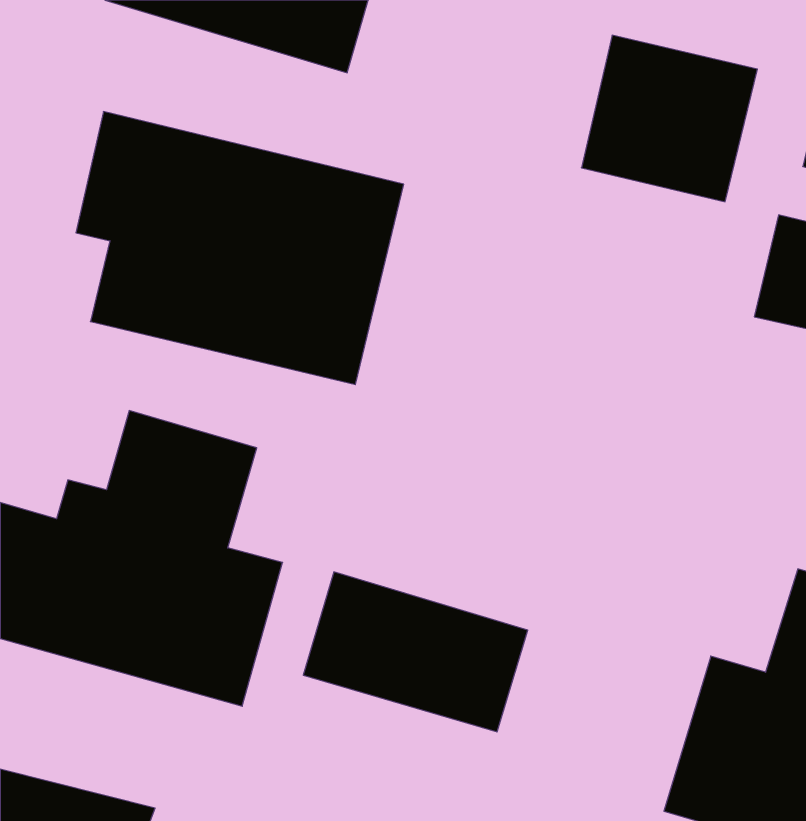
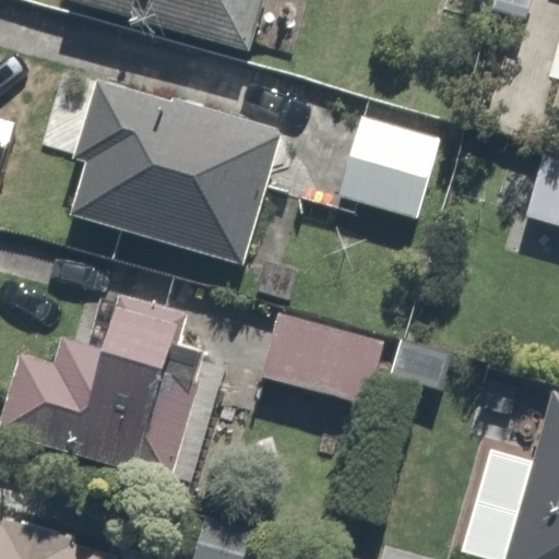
building: [581,35,757,202] -> [335,112,454,225]
building: [303,572,528,732] -> [254,306,406,414]

